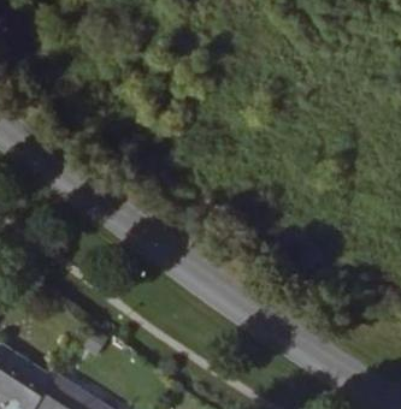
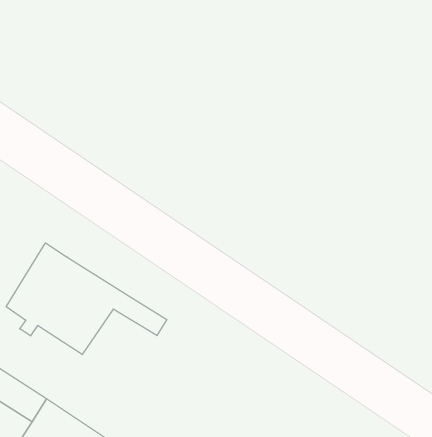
building: none -> [6,243,167,355]

